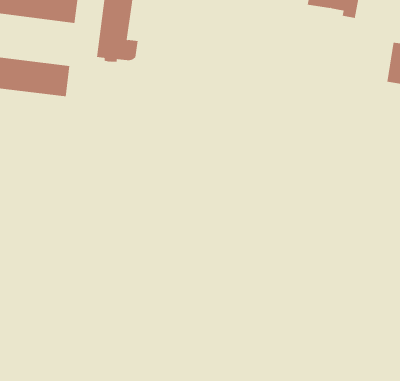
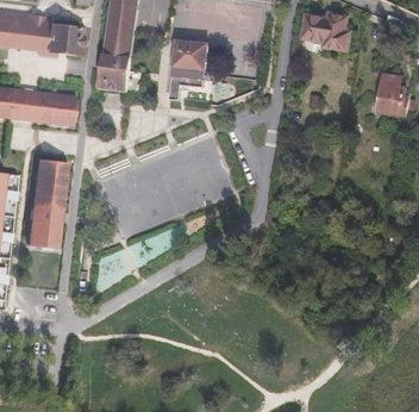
building: none -> [171,40,210,80]
building: none -> [27,158,68,249]

